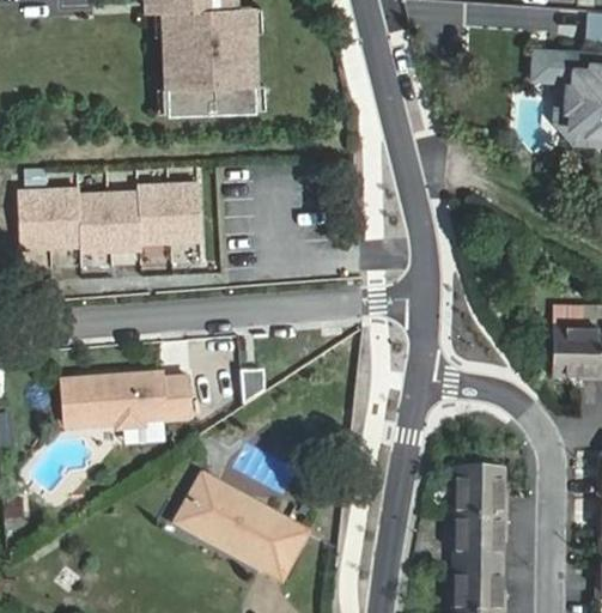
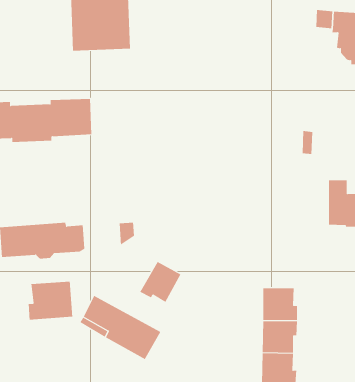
building: none -> [140,261,181,303]
building: none -> [28,281,73,320]

